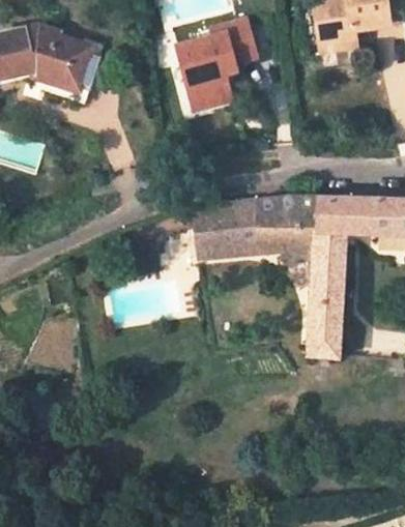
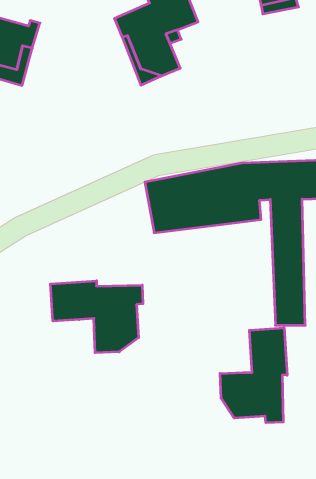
building: none -> [50,281,143,353]
building: none -> [220,328,287,423]

